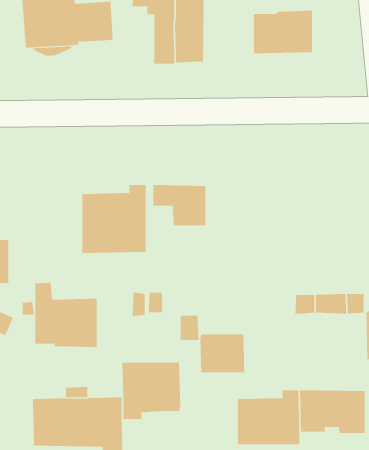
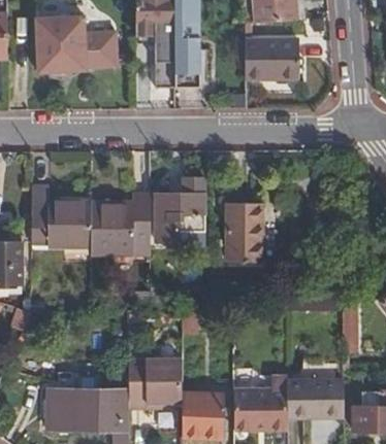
building: none -> [226,204,260,261]
building: [34,282,97,347] -> [33,189,90,247]
building: [199,334,245,373] -> [179,394,220,429]

